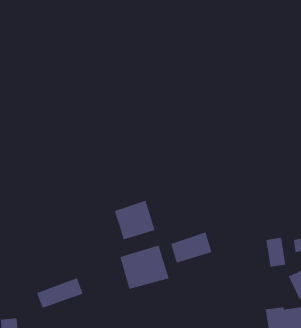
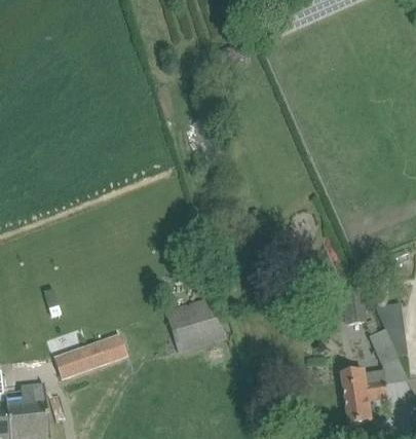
building: [114,200,155,240] -> none
building: [170,232,212,263] -> none

